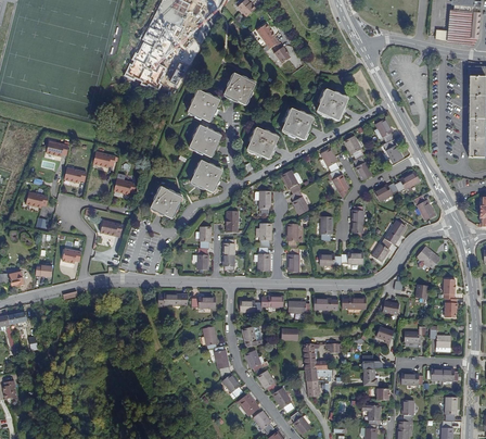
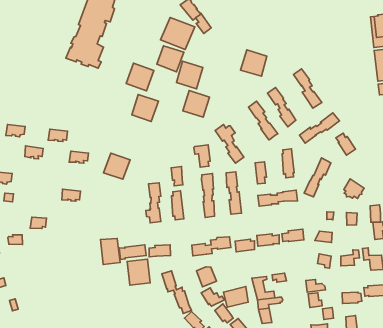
building: none -> [160,17,195,49]
building: [282,108,314,140] -> [176,61,203,89]
building: [191,160,223,192] -> none
building: none -> [101,239,120,264]
building: none -> [127,259,150,285]
building: none -> [223,286,248,307]

